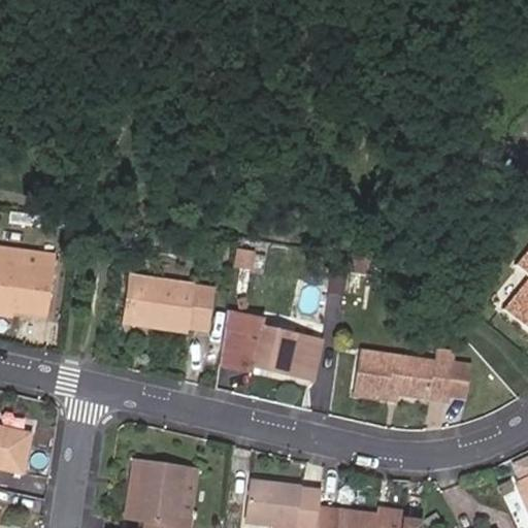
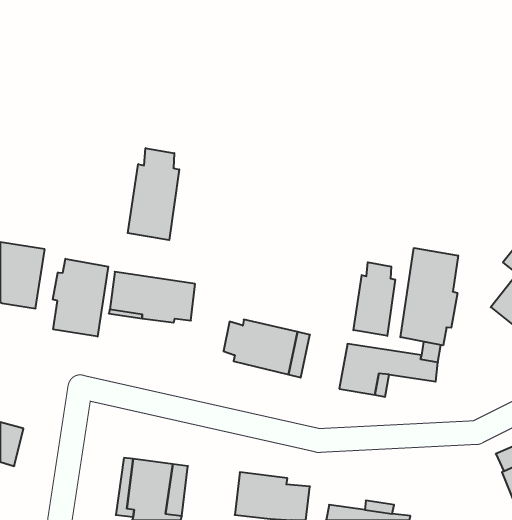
building: none -> [128,148,179,240]
building: none -> [400,248,458,345]
building: none -> [53,259,108,337]
building: none -> [353,262,395,336]

